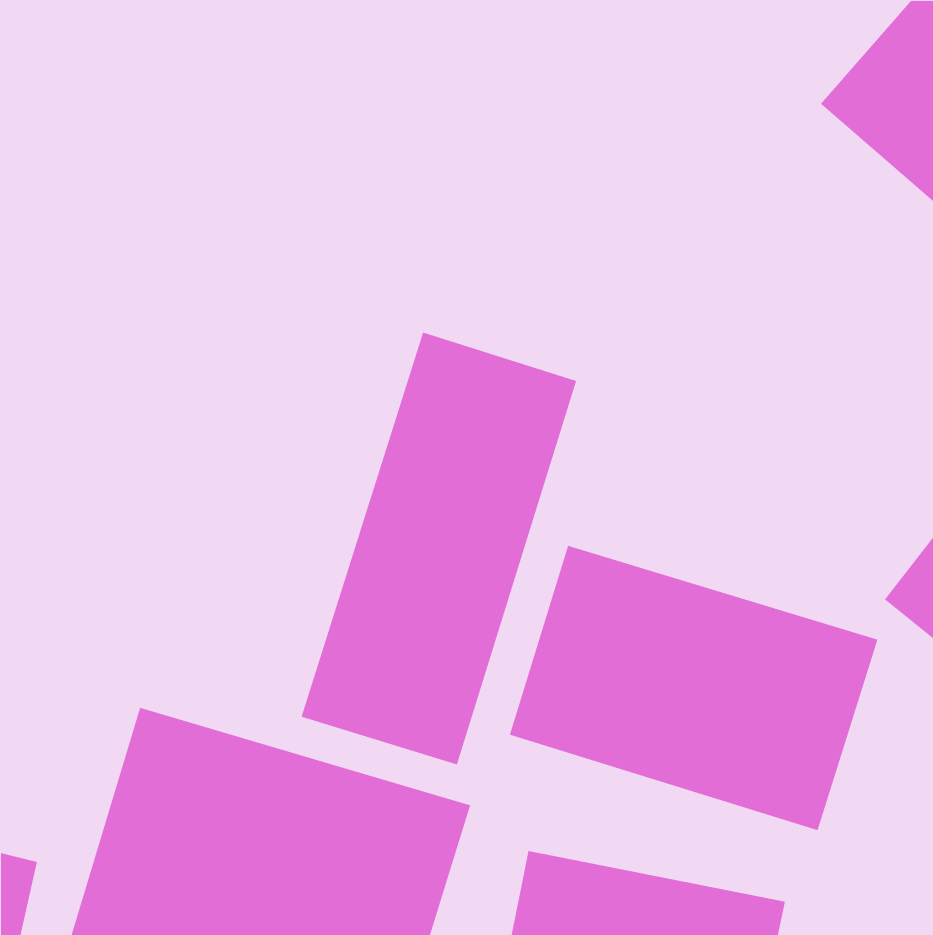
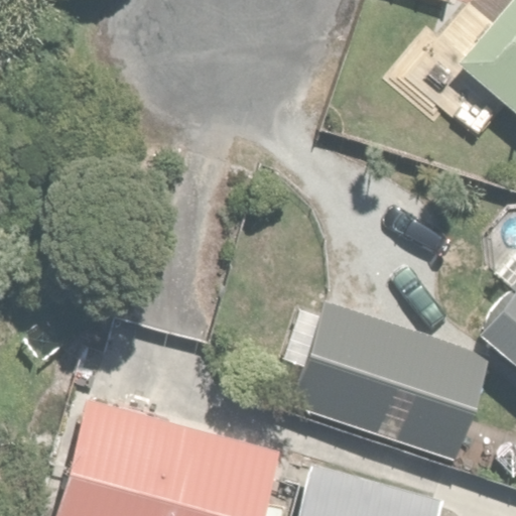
building: [301,331,577,765] -> none

